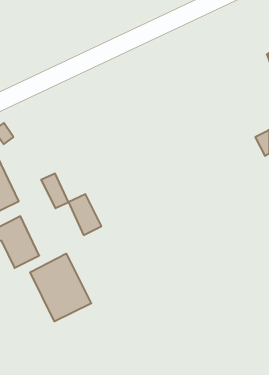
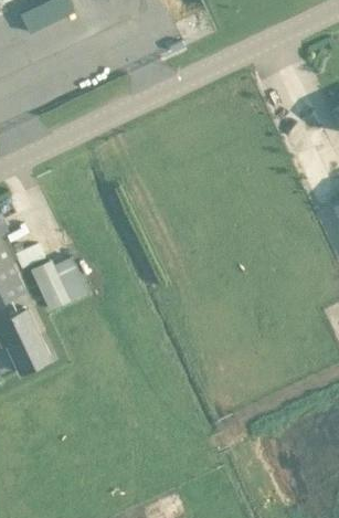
building: [69,194,101,235] -> [30,258,71,309]
building: [30,254,91,321] -> none

